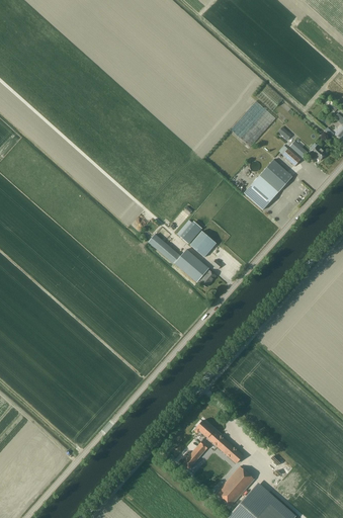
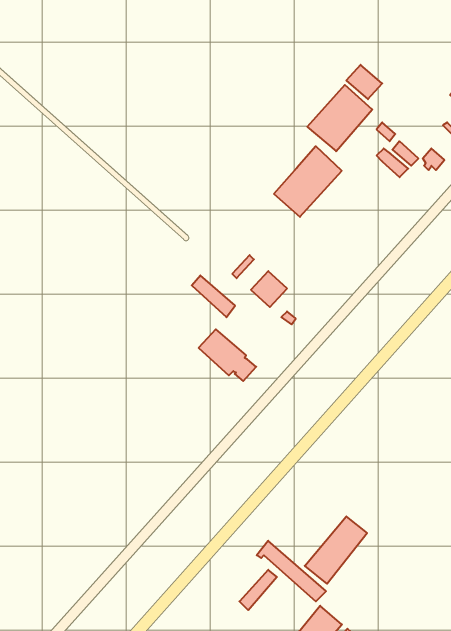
building: [244,160,291,209] -> [274,146,342,217]
building: [175,250,216,286] -> [199,329,256,381]
building: none -> [305,516,367,584]

